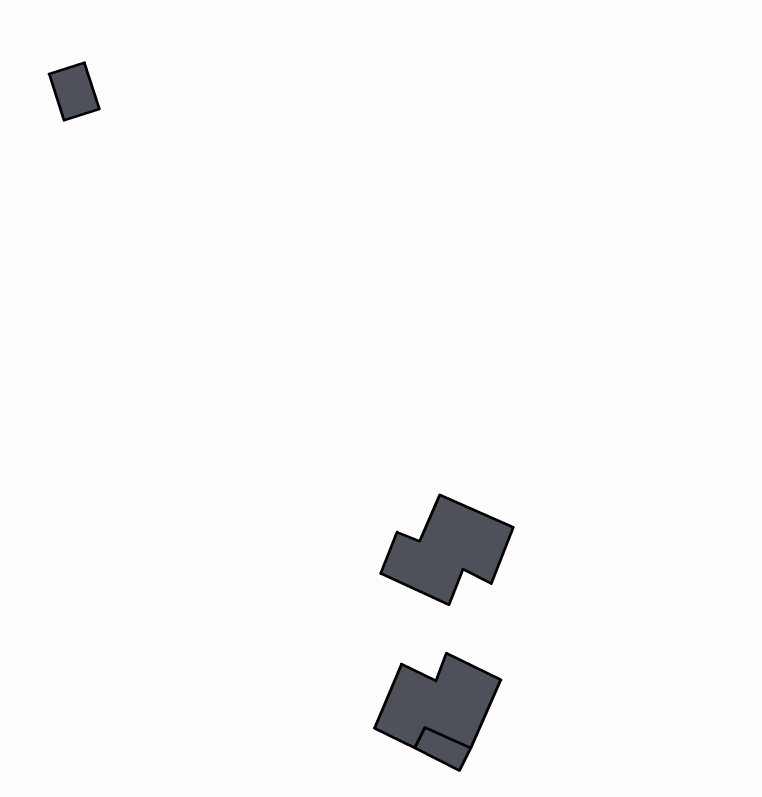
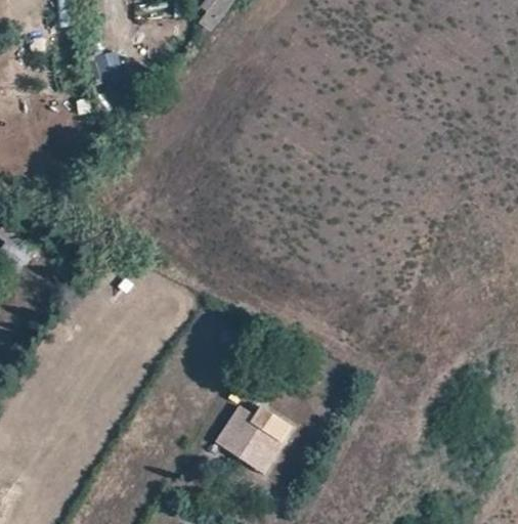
building: [381,495,513,605] -> none

